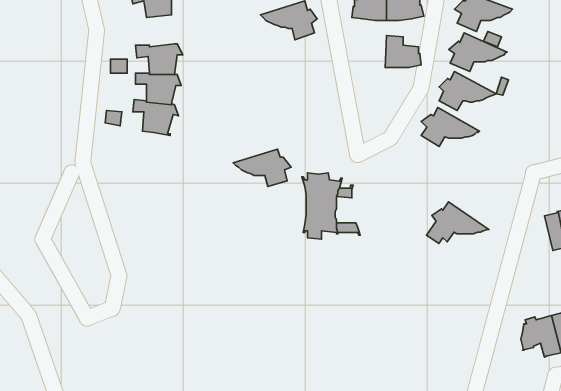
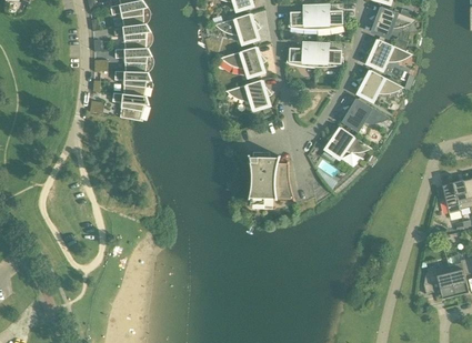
building: none -> [113,23,151,50]
building: none -> [285,41,315,67]
building: none -> [220,47,267,77]
building: [233,149,291,186] -> [225,80,272,110]
building: [426,202,489,243] -> [322,127,372,160]

